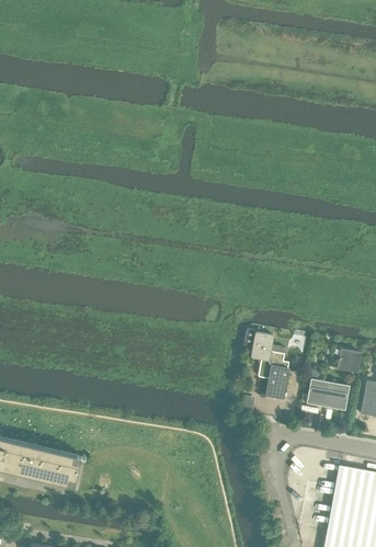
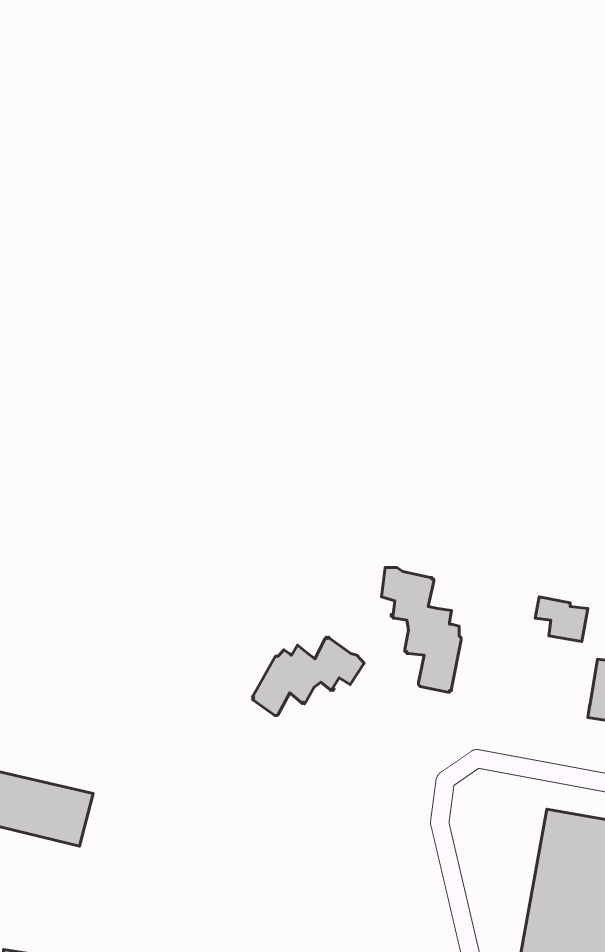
building: none -> [252,637,364,716]
building: [306,371,350,411] -> none

